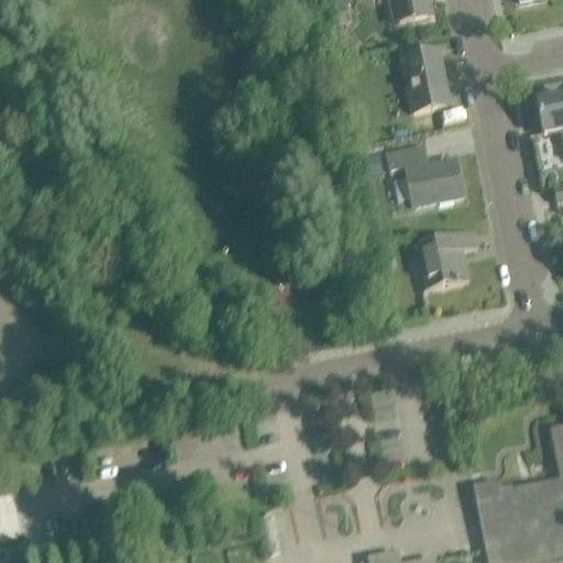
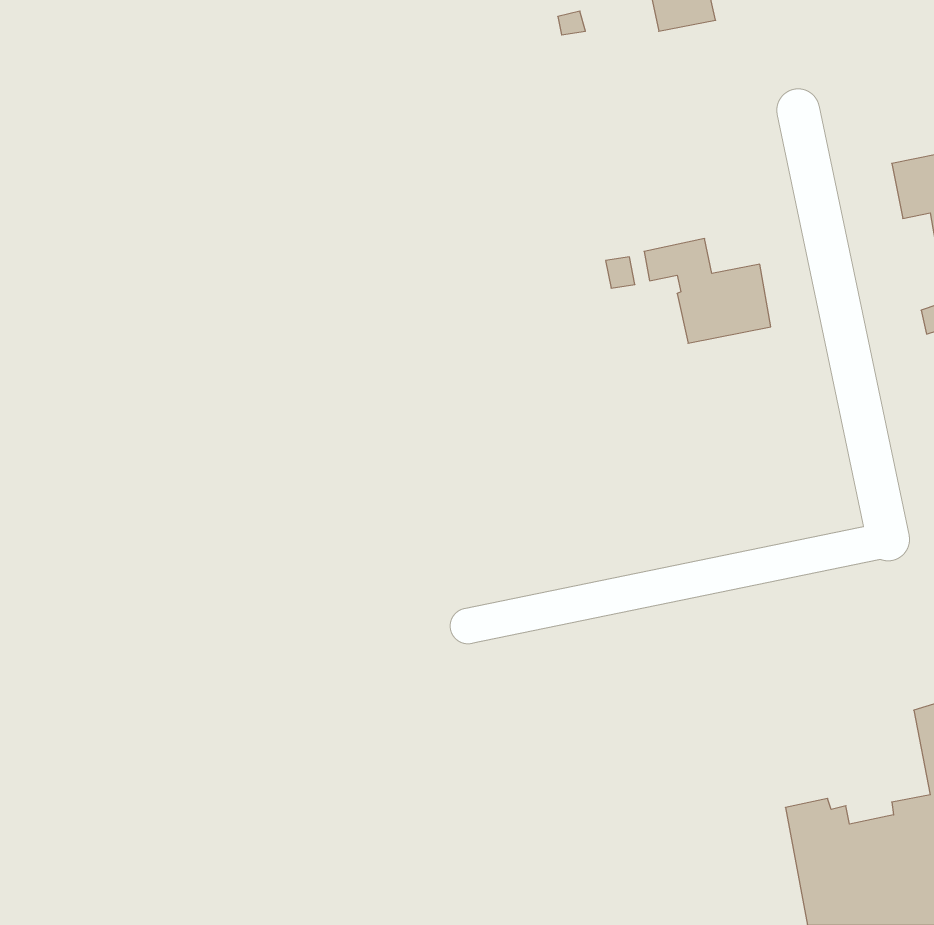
building: [401,46,450,109] -> none
building: [420,229,478,286] -> none

